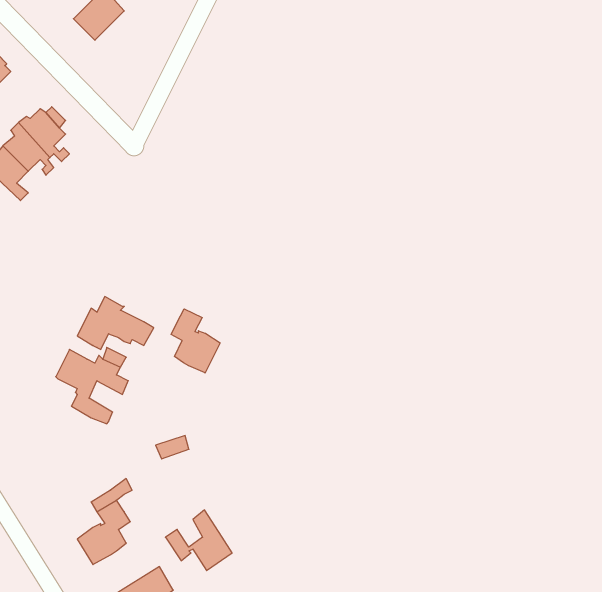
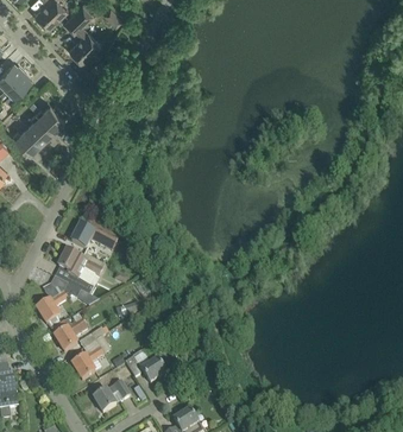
building: [171,309,220,373] -> none
building: none -> [36,282,80,323]
building: none -> [53,312,87,351]

